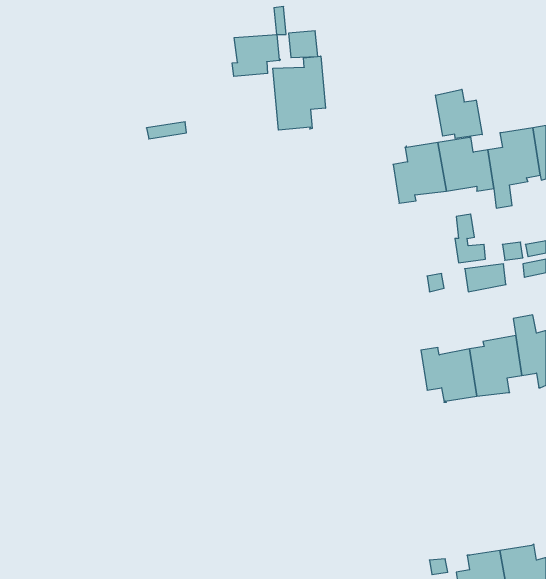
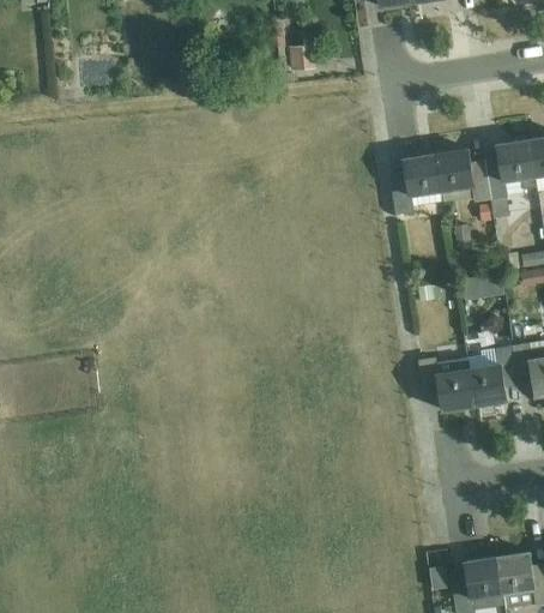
building: [232,34,280,76] -> none
building: [273,56,325,130] -> none
building: [436,89,482,138] -> none

